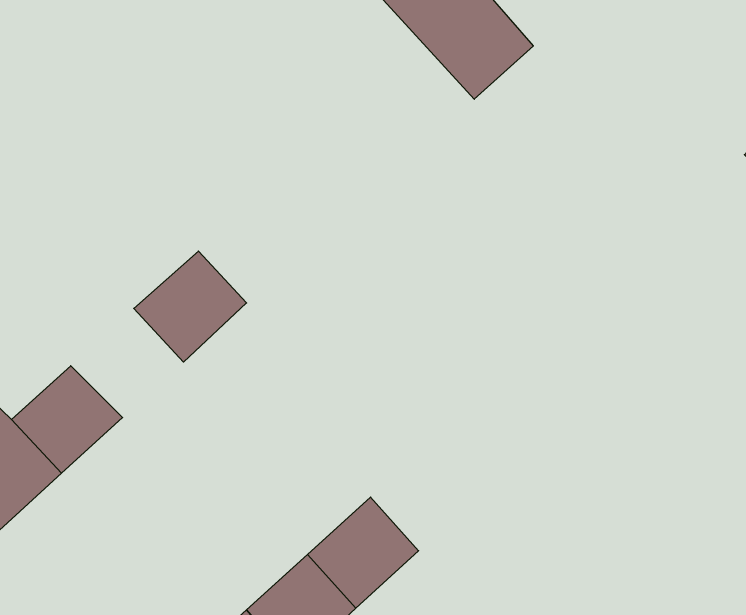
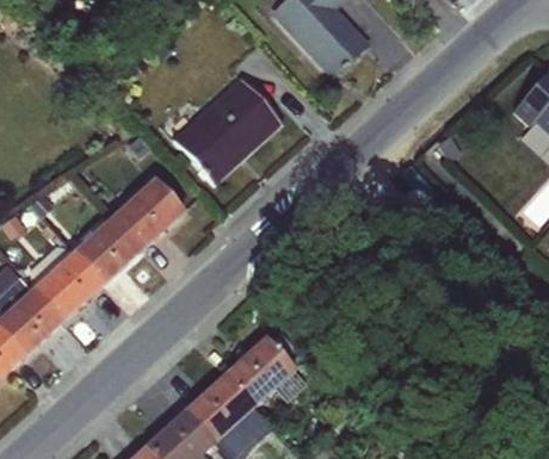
building: none -> [174,75,285,184]
building: none -> [73,213,146,284]

